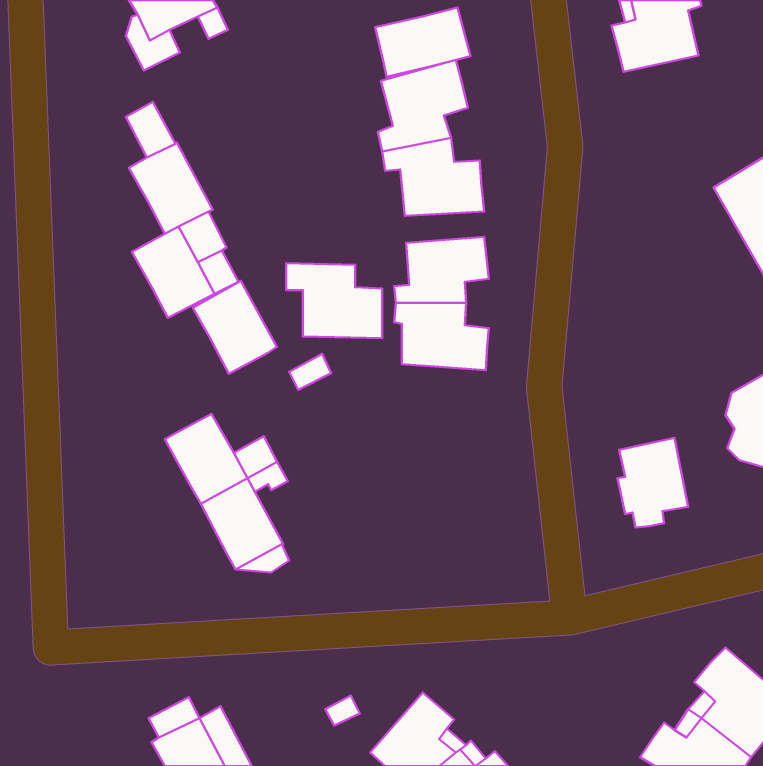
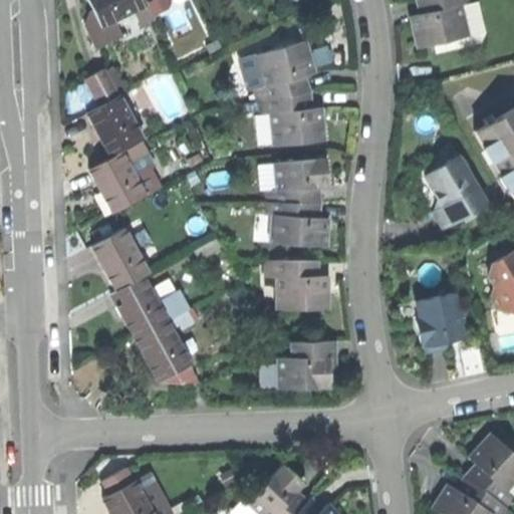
building: [375,8,470,77] -> none
building: none -> [425,156,487,230]
building: [286,263,382,338] -> [266,261,330,311]
building: [193,281,277,374] -> [93,229,150,291]
building: none -> [278,341,337,390]

